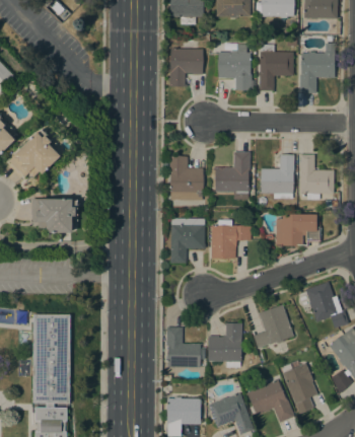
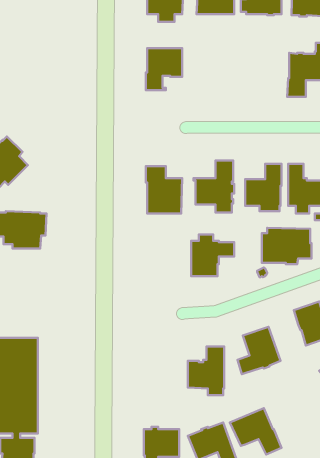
building: [218,44,256,89] -> none
building: [260,45,293,90] -> none
building: [170,218,205,263] -> none
building: [166,326,200,367] -> none
building: [281,359,317,414] -> none

